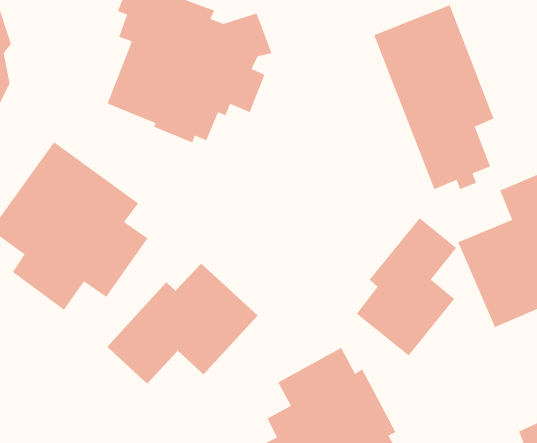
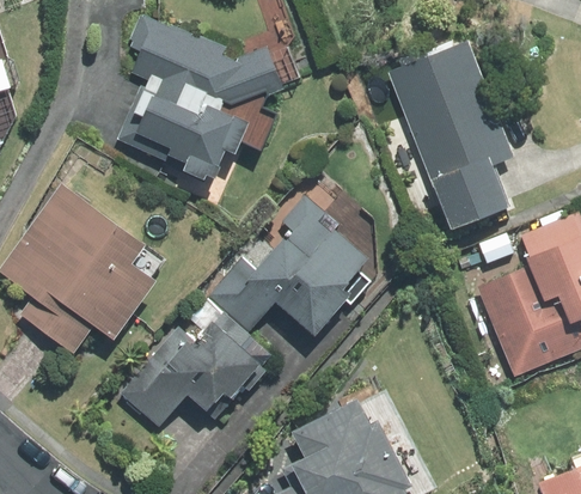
building: none -> [204,195,368,331]
building: [356,217,457,357] -> none

